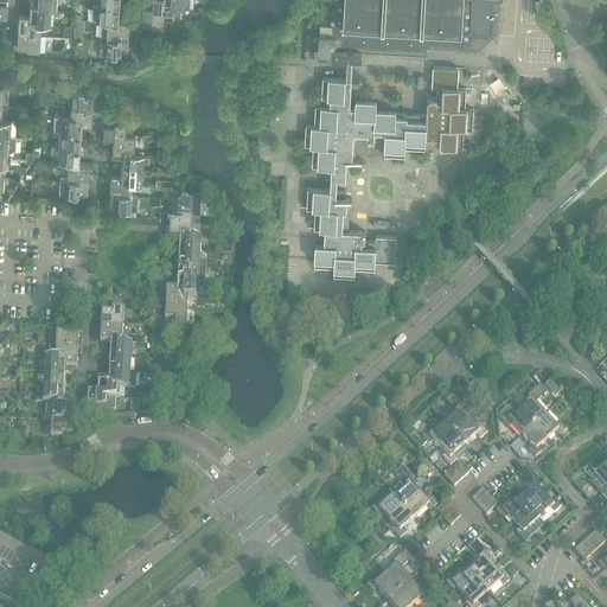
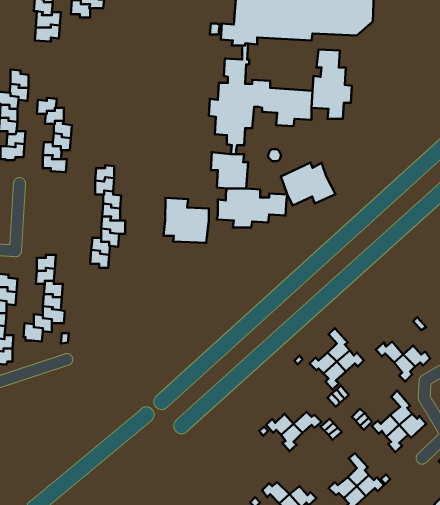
building: none -> [281,163,336,205]
building: none -> [163,198,209,243]
building: [519,383,545,423] -> none
building: [392,465,418,505] -> none
building: [384,549,410,588] -> none

